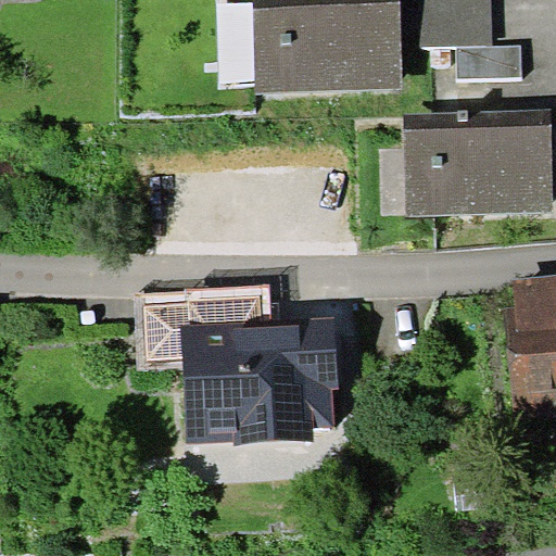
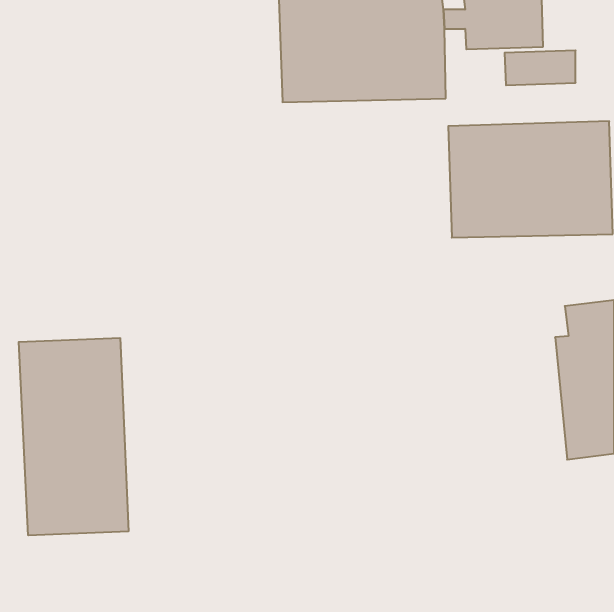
building: [143,294,339,442] -> none
building: none -> [19,338,128,535]

